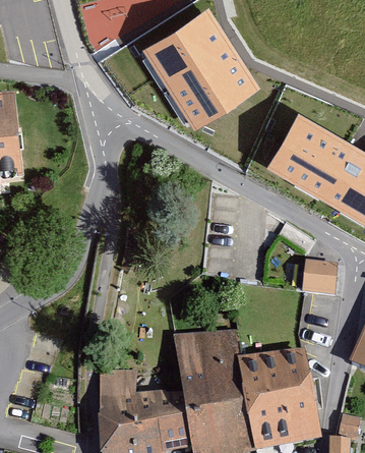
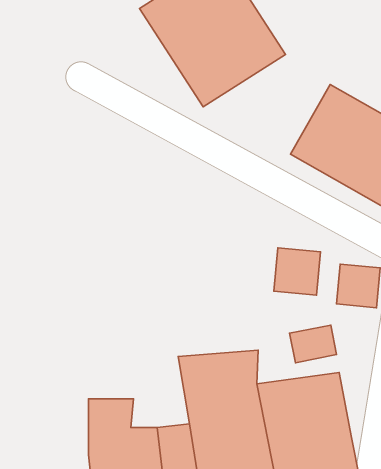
building: none -> [274,248,321,295]
building: none -> [290,325,337,363]

